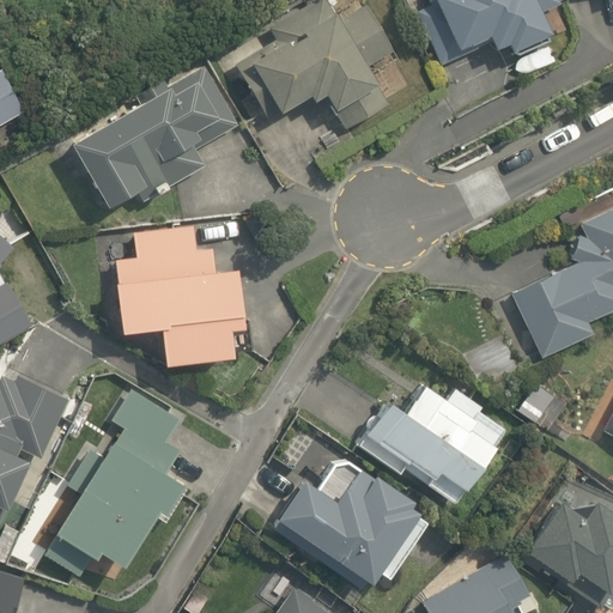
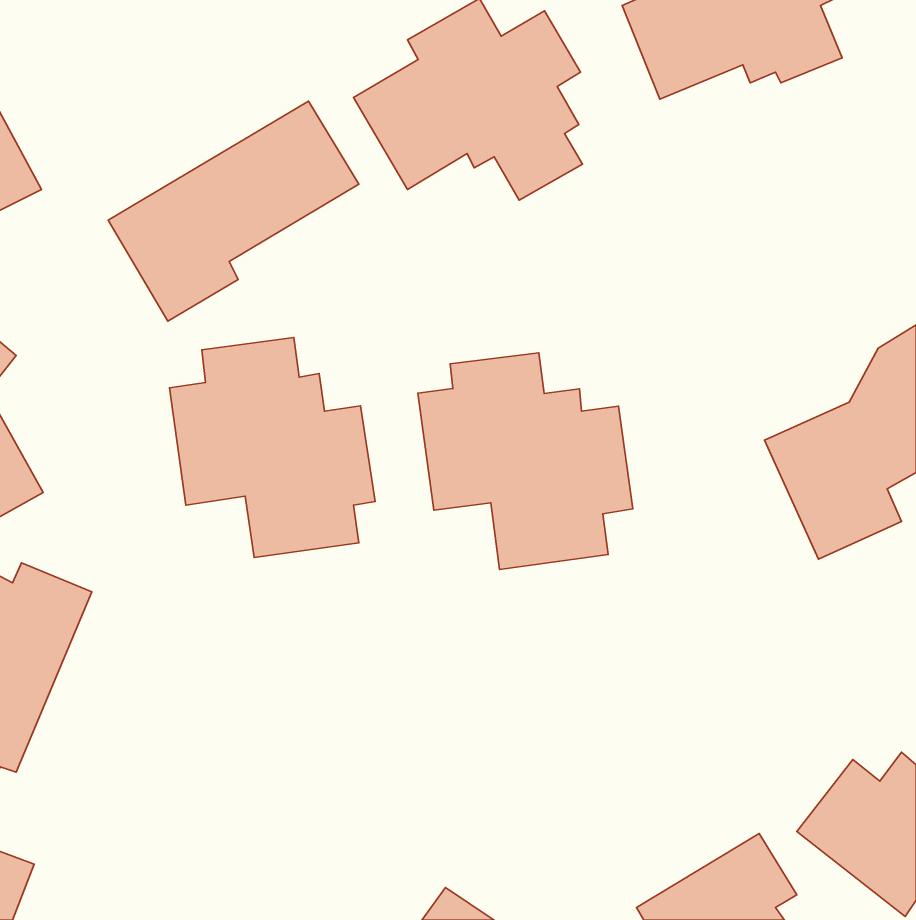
building: none -> [418,353,633,570]
building: [42,383,186,577] -> none
building: [366,383,516,497] -> none
building: [280,475,435,587] -> none

